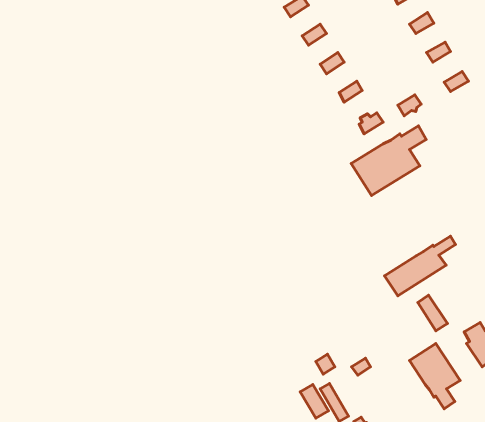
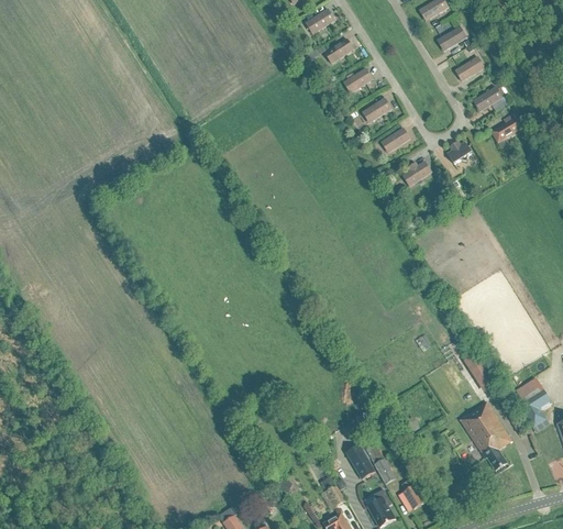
building: [351,126,426,196] -> none
building: [385,236,455,296] -> none

